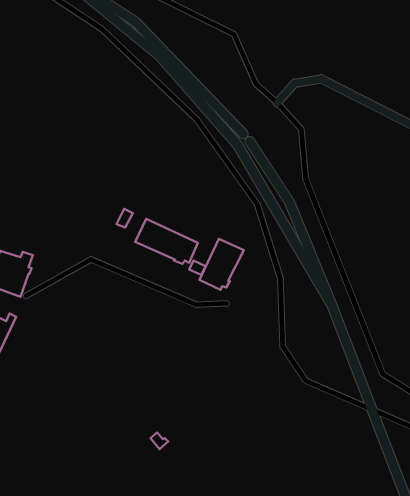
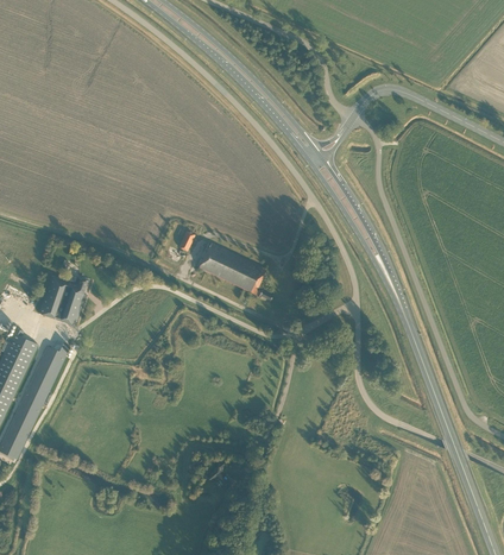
building: [200,239,244,290] -> none

